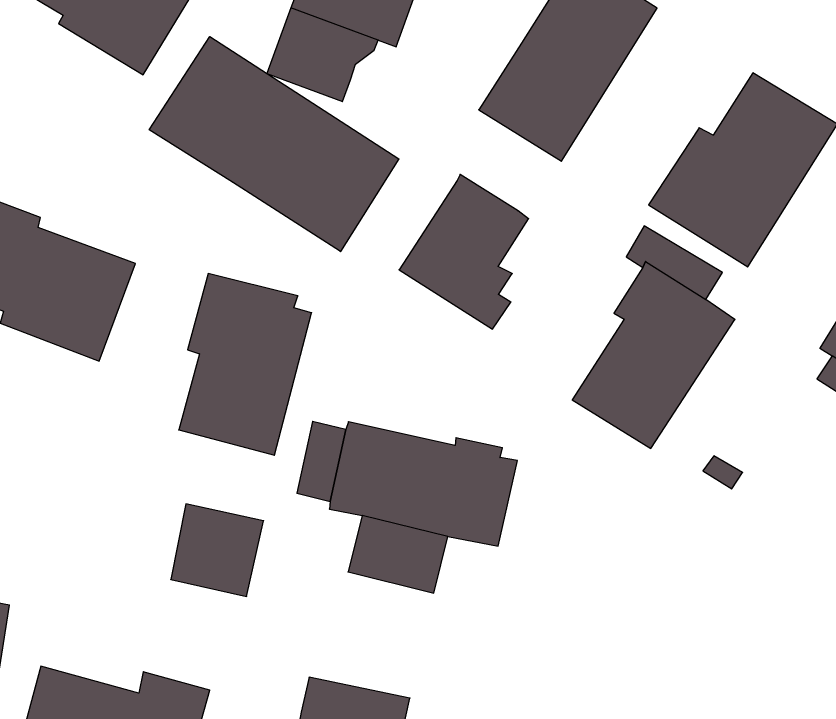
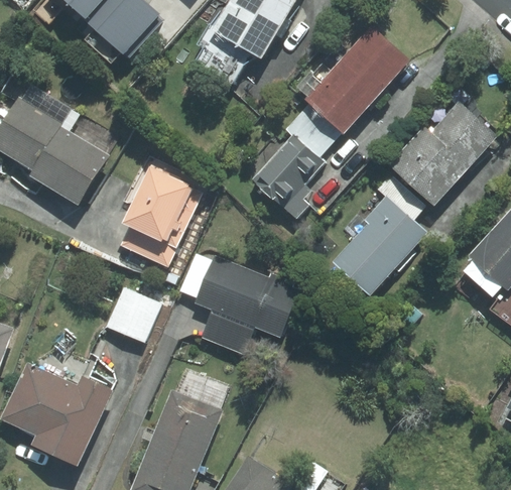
building: [149,37,399,252] -> none
building: none -> [281,104,339,156]

